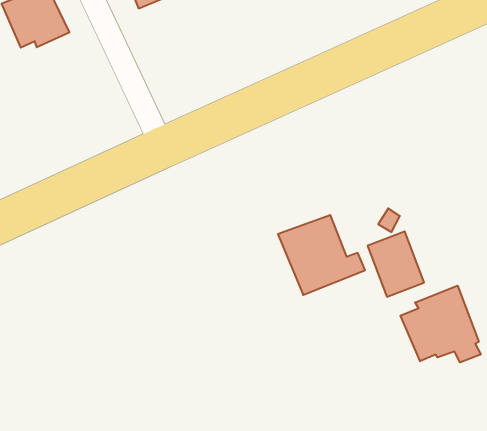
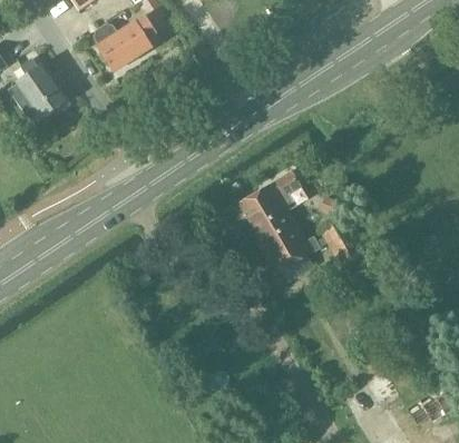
building: none -> [233,169,299,229]
building: [400,286,481,362] -> none

